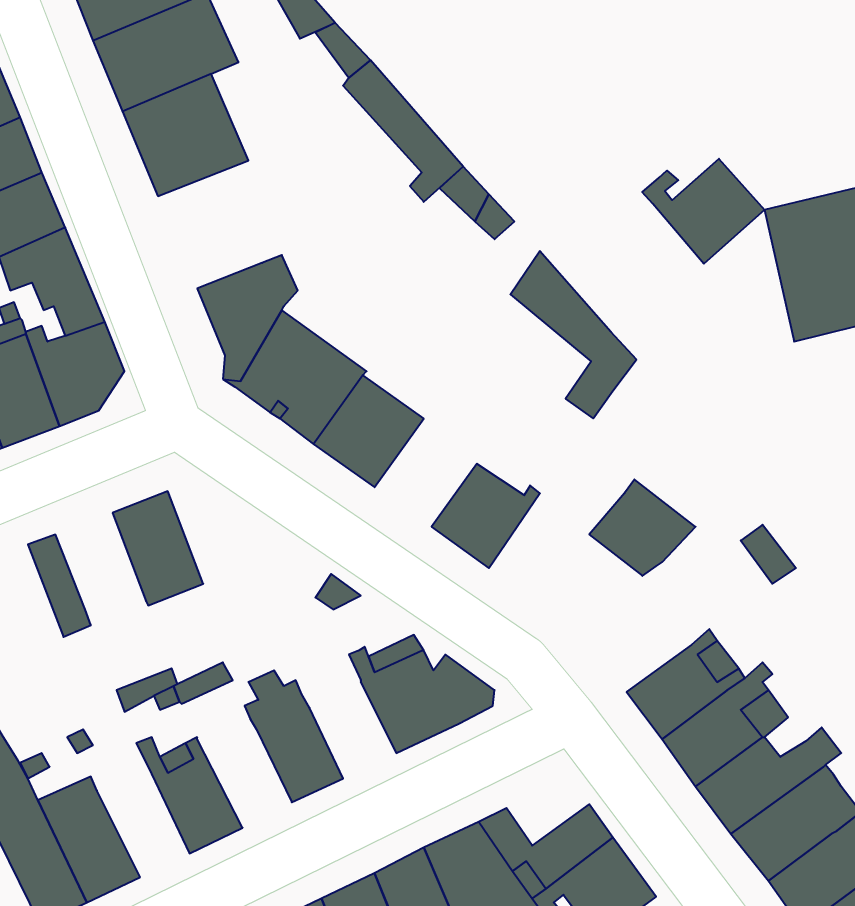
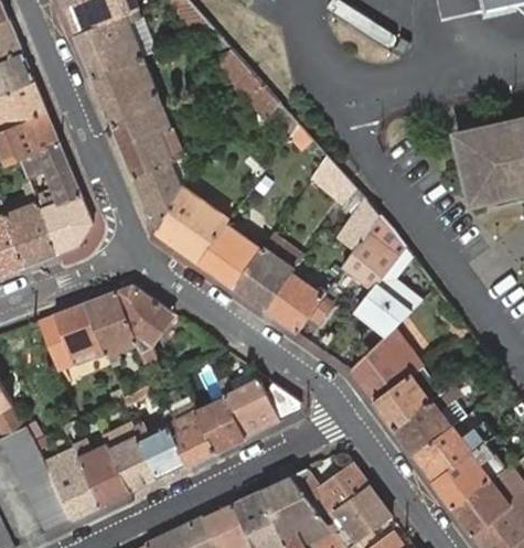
building: [642,159,764,264] -> none
building: none -> [111,106,183,178]
building: none -> [343,217,406,292]
building: none -> [233,237,301,311]
building: none -> [117,286,173,363]
building: none -> [54,303,105,357]
building: none -> [351,331,421,404]
building: none -> [196,398,245,452]
building: none -> [133,425,186,480]
building: none -> [77,445,129,507]

